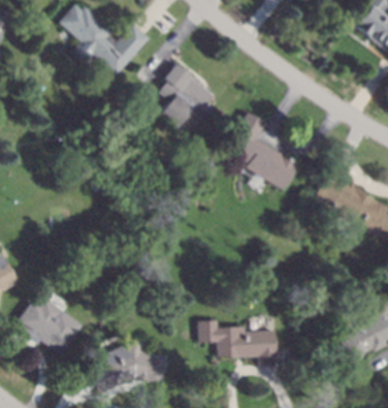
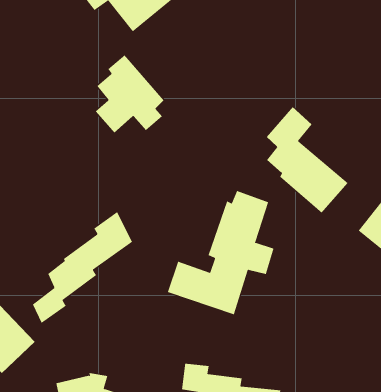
building: [160,65,215,127] -> [95,55,164,134]
building: none -> [167,190,274,315]
building: none -> [32,211,133,324]

